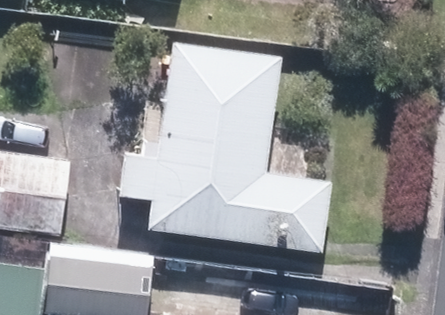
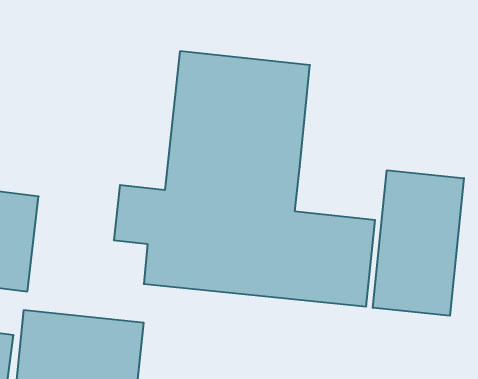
building: none -> [373,170,464,316]

